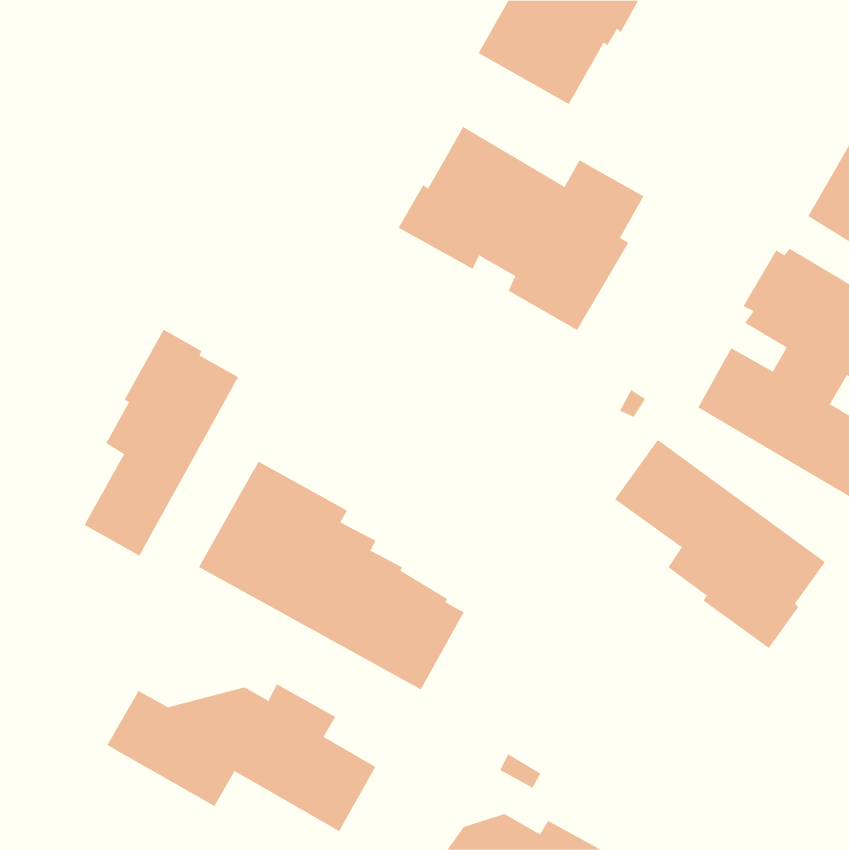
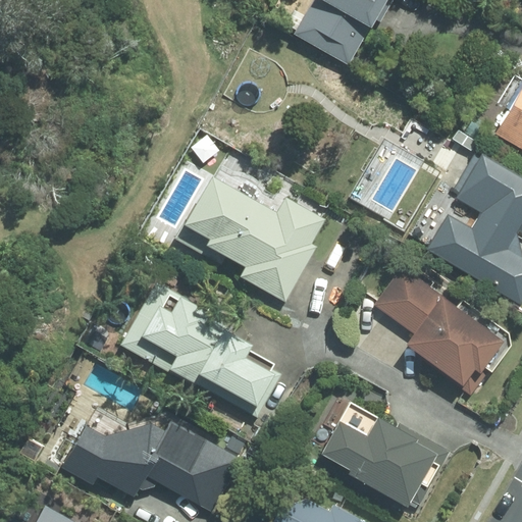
building: [398,126,644,331] -> [174,176,325,302]
building: [84,329,239,557] -> none
building: none -> [322,403,451,509]

